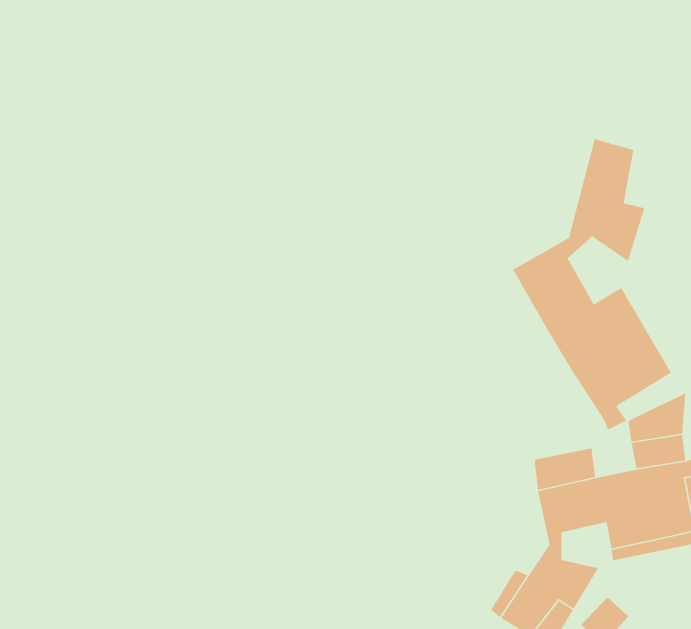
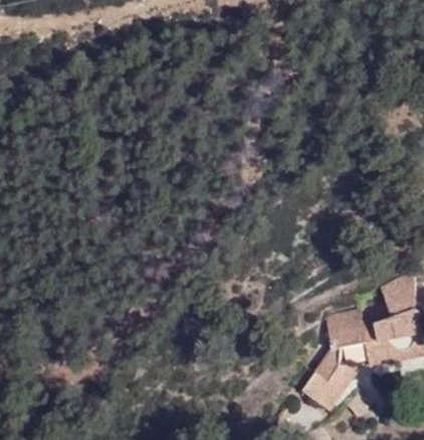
building: [512,138,672,431] -> none

